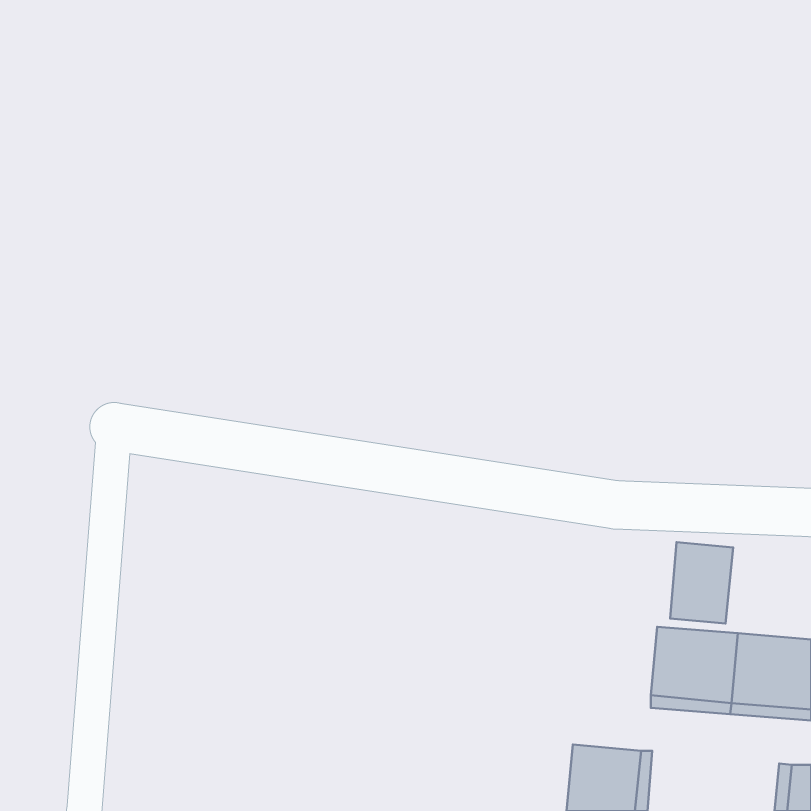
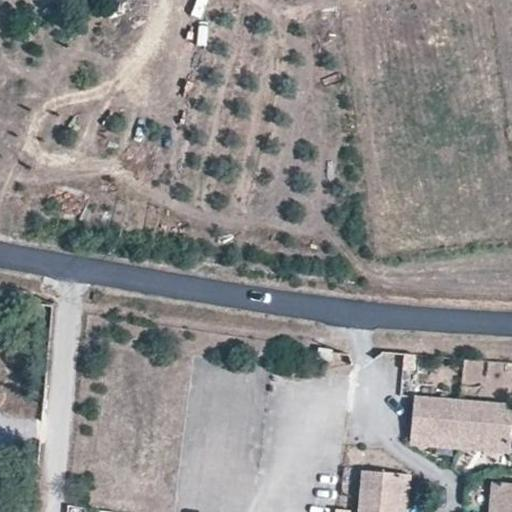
building: [670,542,733,623] -> none

